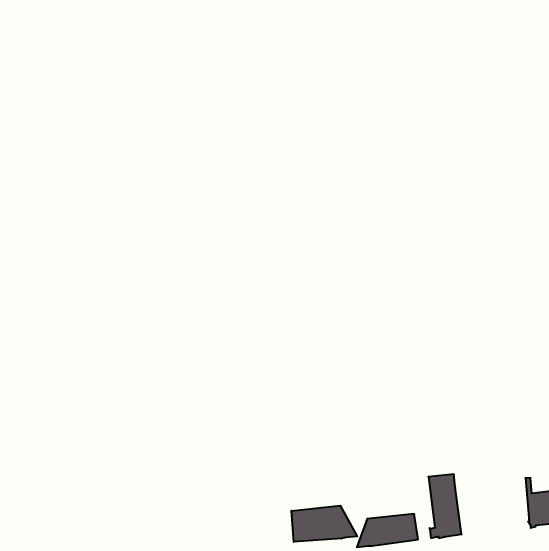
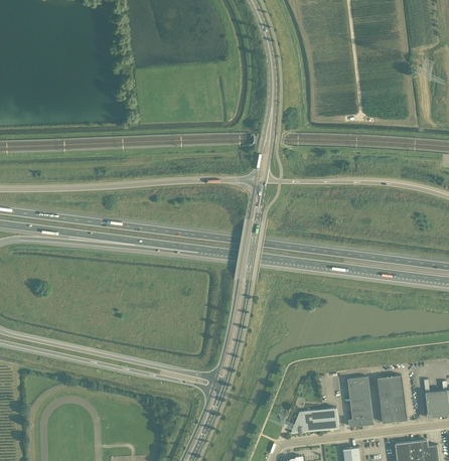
building: none -> [377,375,407,423]
building: [291,506,357,542] -> none

